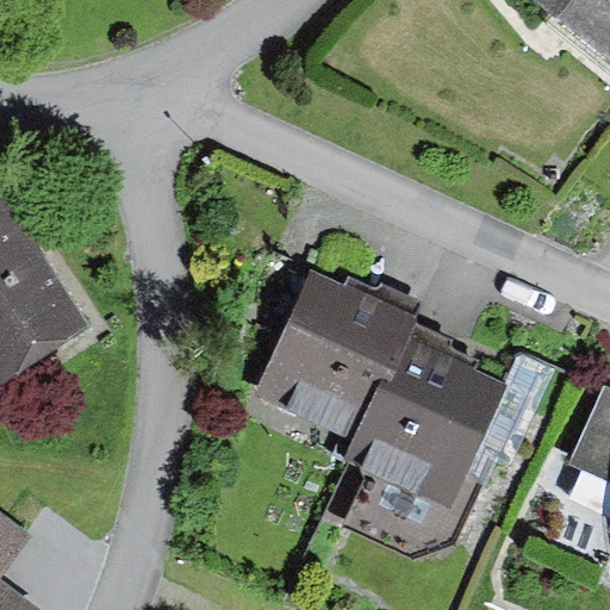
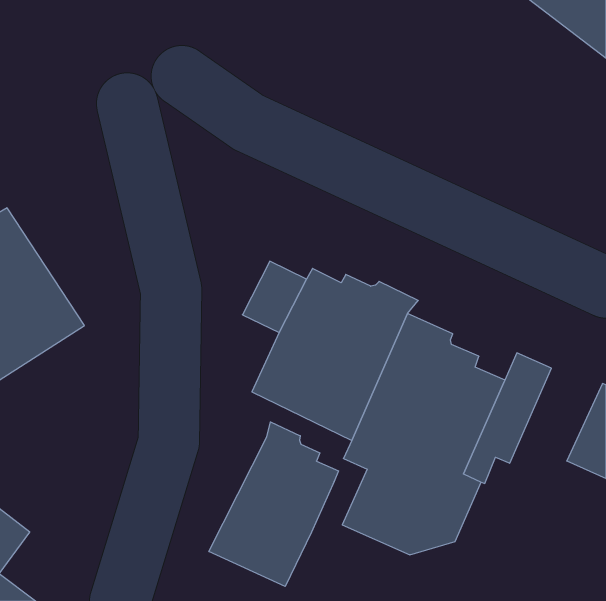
building: none -> [209,422,338,586]

